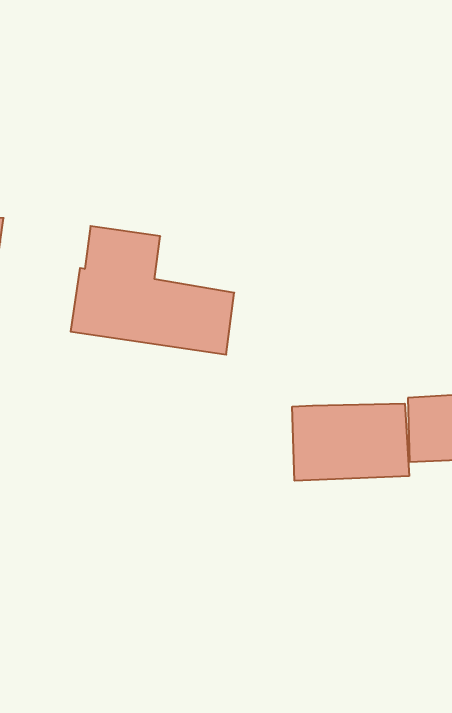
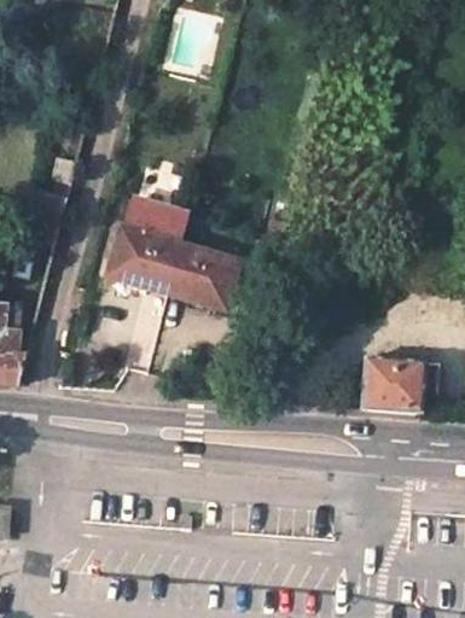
building: [292,404,409,481] -> none

